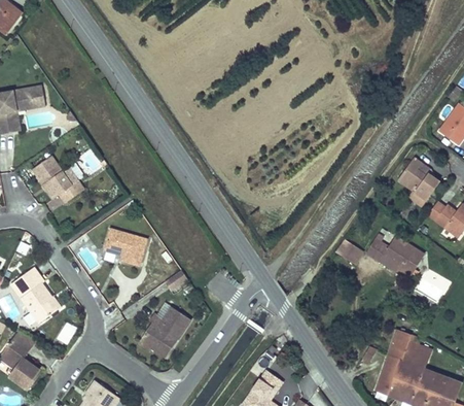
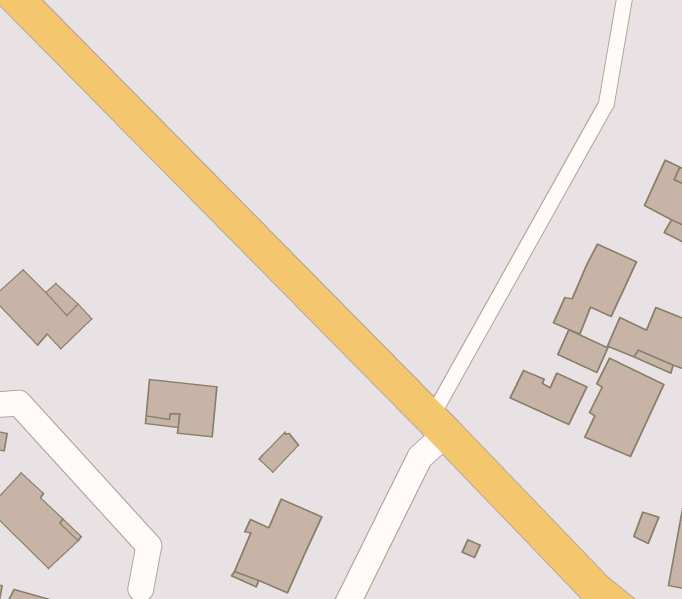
building: none -> [553,244,637,334]
building: none -> [510,371,587,425]
building: none -> [585,358,664,457]

